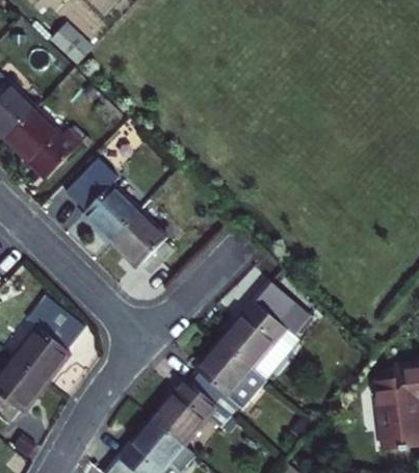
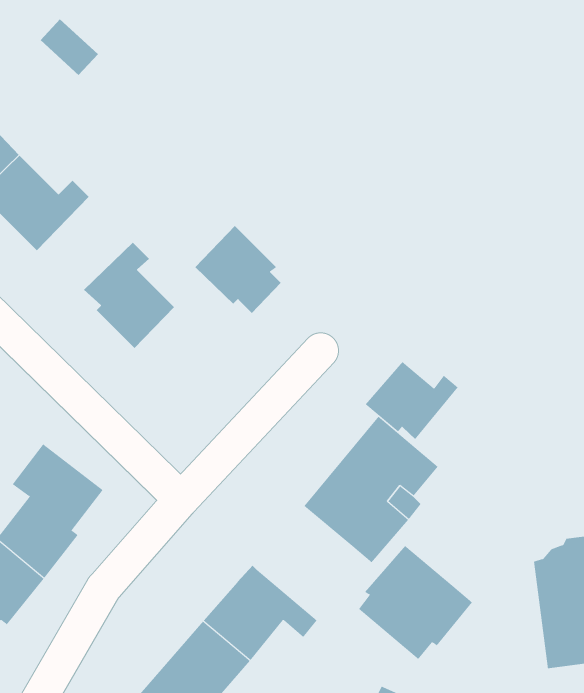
building: [106,208,164,267] -> [194,225,281,314]
building: none -> [365,361,458,440]
building: [188,341,265,418] -> [358,545,473,660]

